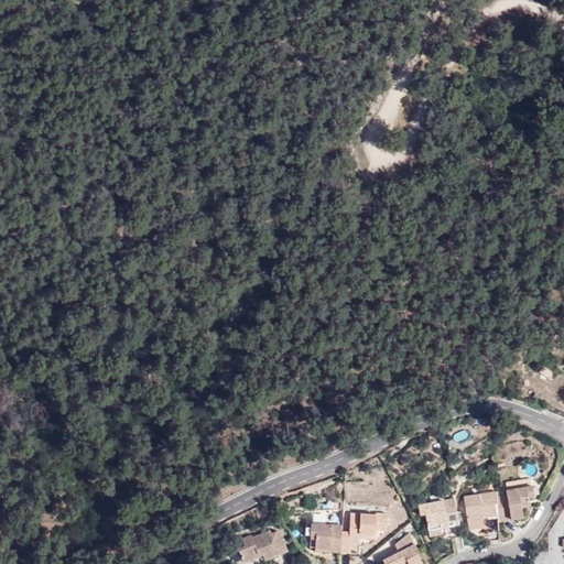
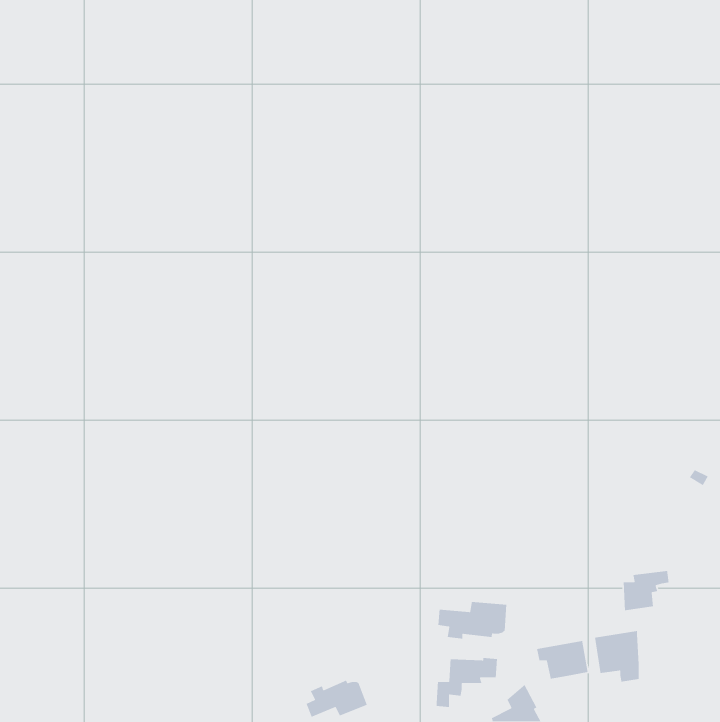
building: none -> [437,601,507,639]
building: [497,486,533,518] -> [623,570,669,611]
building: [308,523,340,551] -> none

